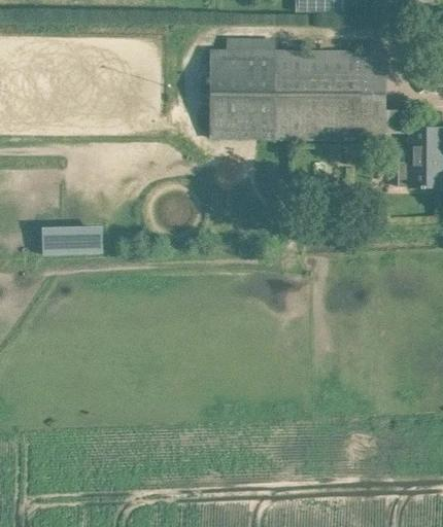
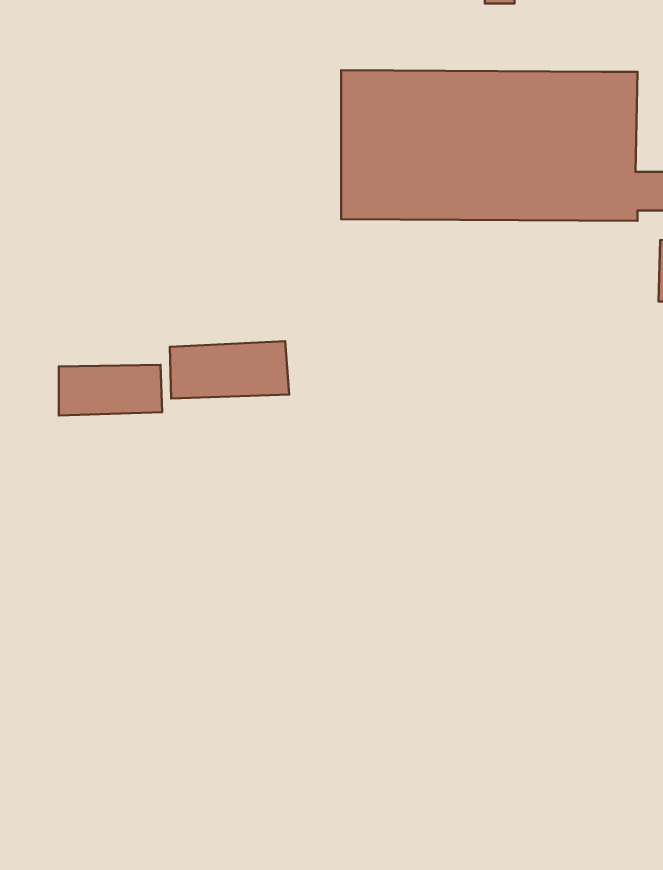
building: none -> [170,341,289,399]

